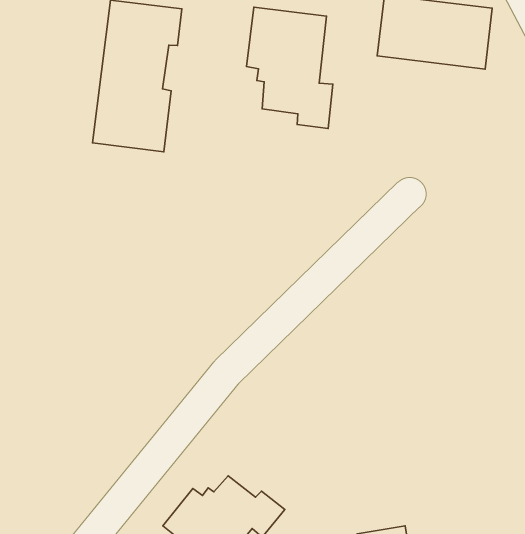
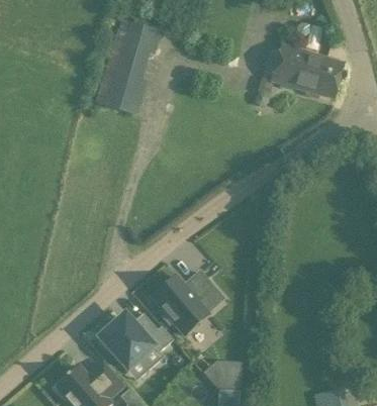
building: [246,7,333,129] -> none
building: none -> [149,269,224,336]

